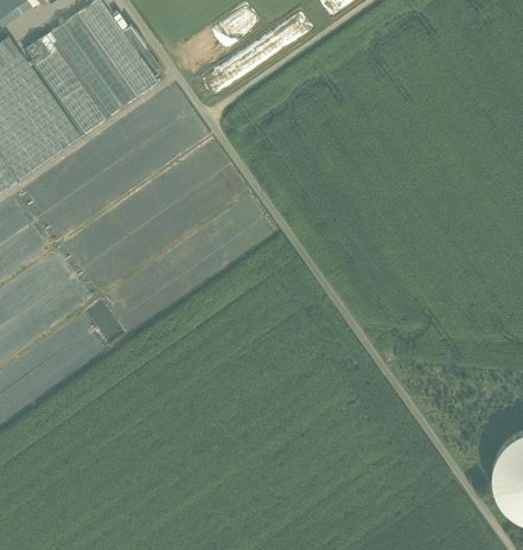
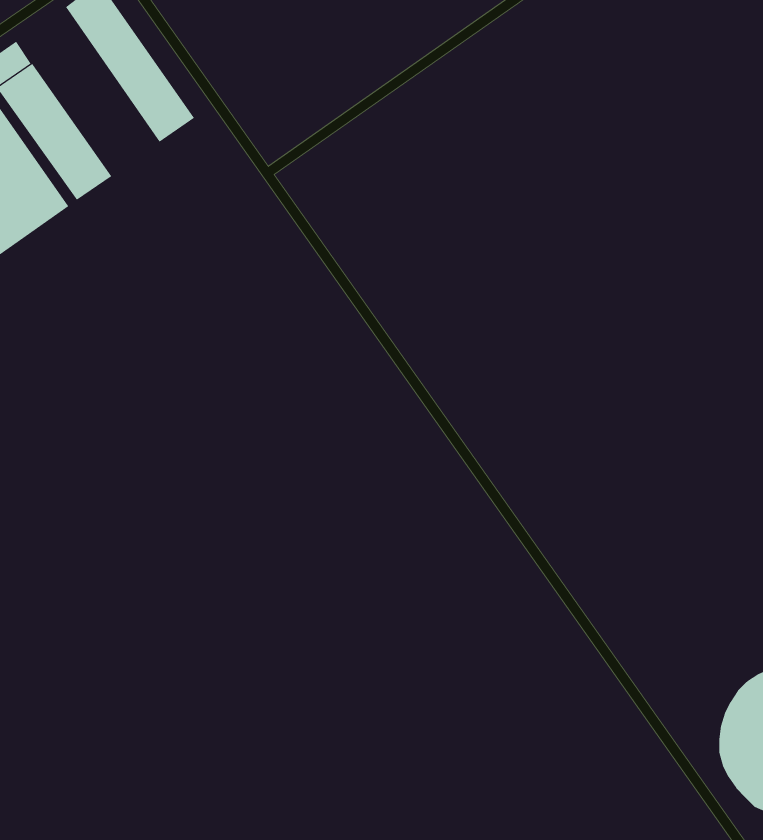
building: [49,15,132,117] -> none

